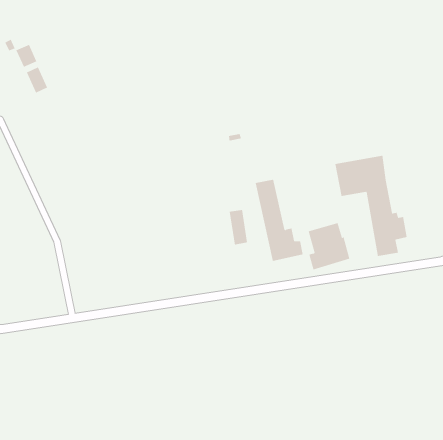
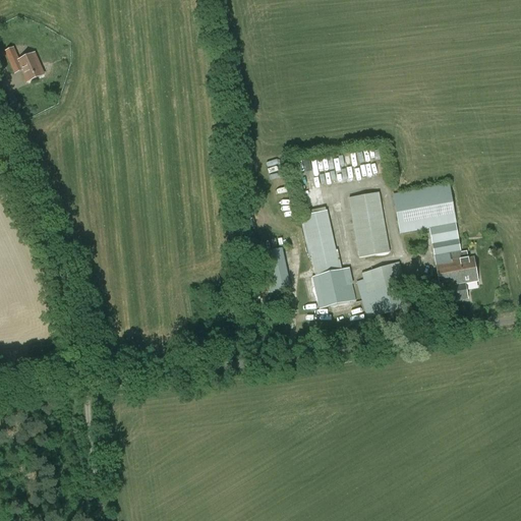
building: [26,67,48,94] -> none
building: none -> [348,191,390,256]

